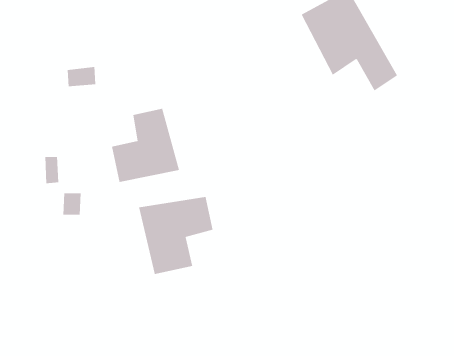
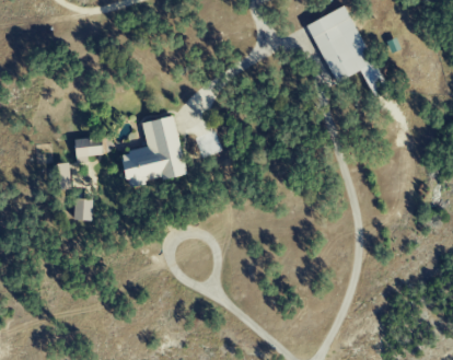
building: [67,66,96,87] -> [72,138,101,158]
building: [139,196,213,275] -> none

